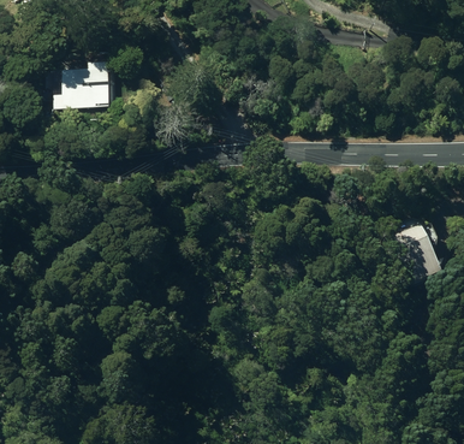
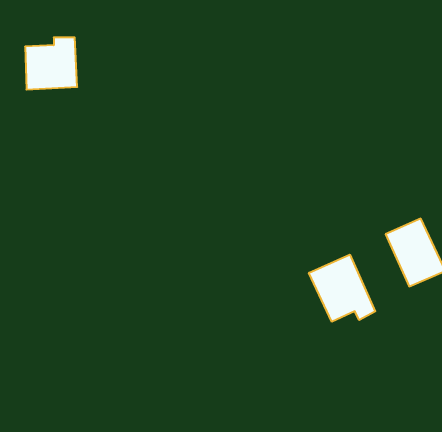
building: none -> [309,255,375,322]

